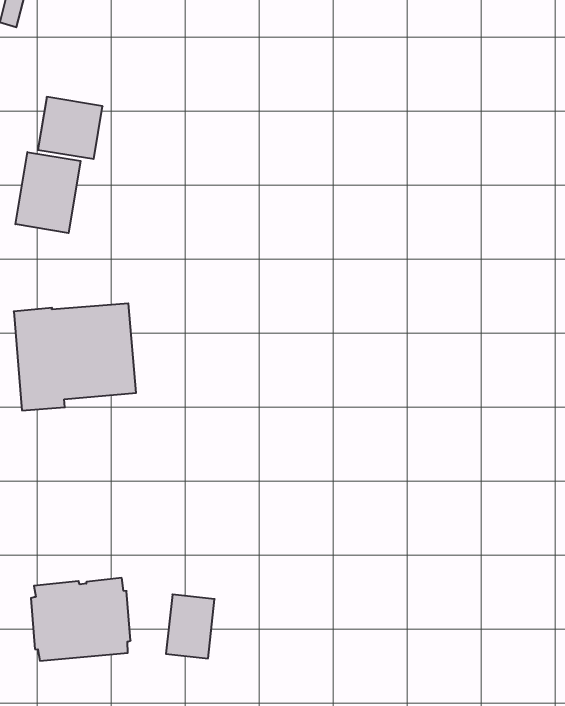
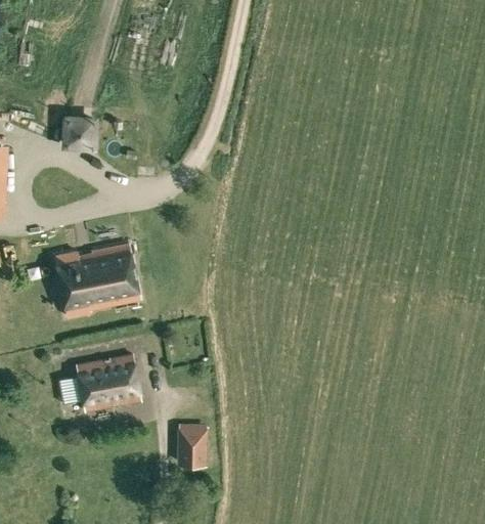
building: [15,152,81,233] -> none
building: [31,578,131,661] -> [75,353,142,412]

